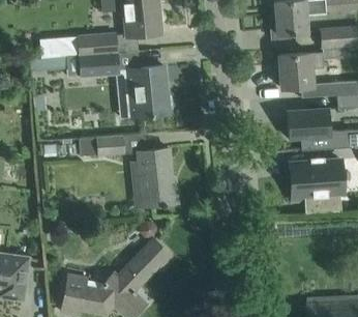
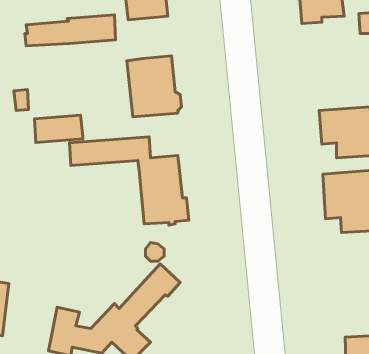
building: [79,52,119,75] -> [35,115,83,143]
building: [279,52,324,97] -> none

